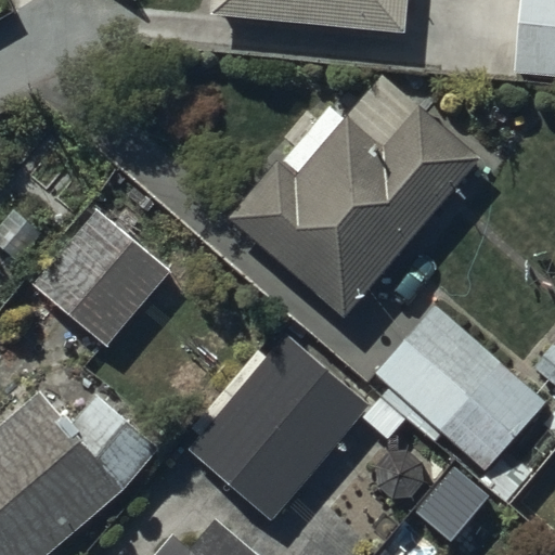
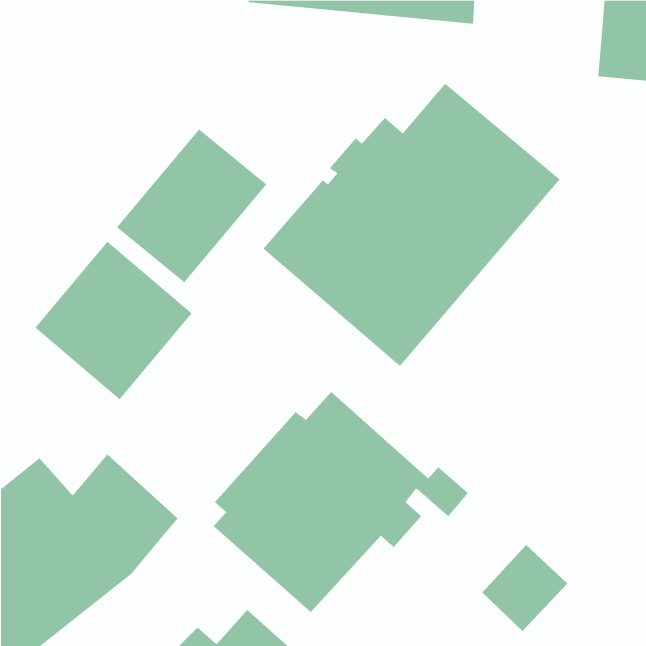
building: none -> [116,128,267,283]
building: [376,305,550,474] -> none

